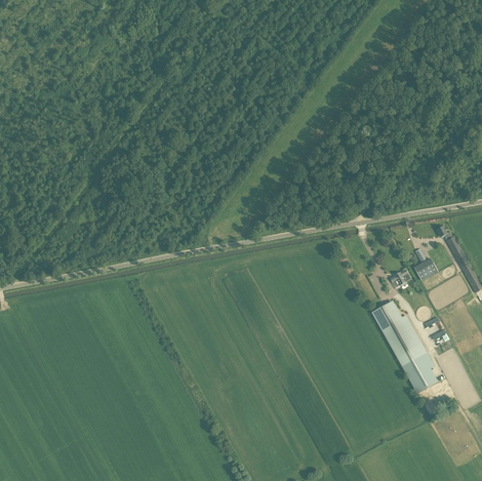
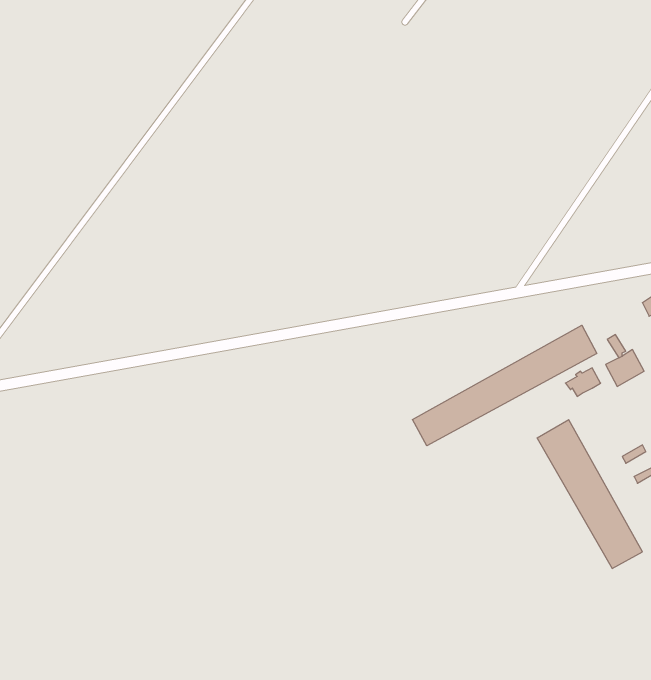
building: none -> [412,325,597,446]

